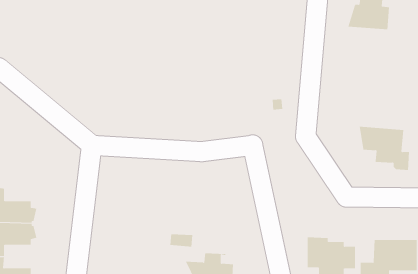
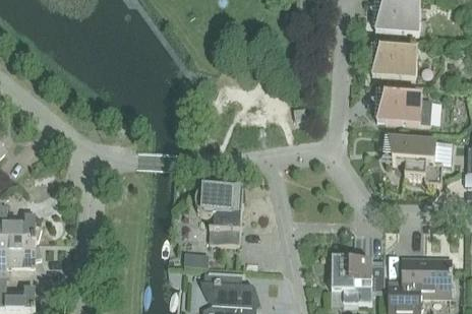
building: none -> [370,39,417,78]
building: none -> [375,84,431,124]
building: none -> [194,187,242,245]

